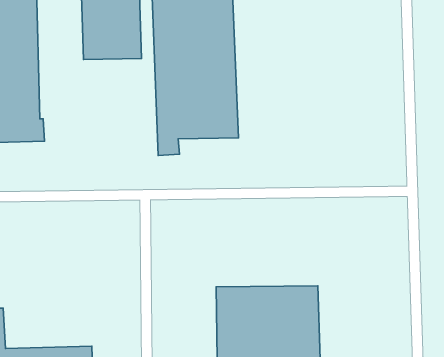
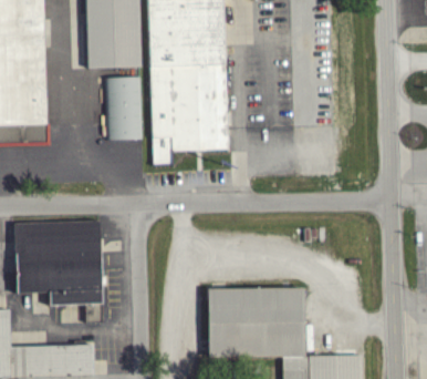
building: none -> [104,84,142,147]
building: none -> [15,221,104,305]

